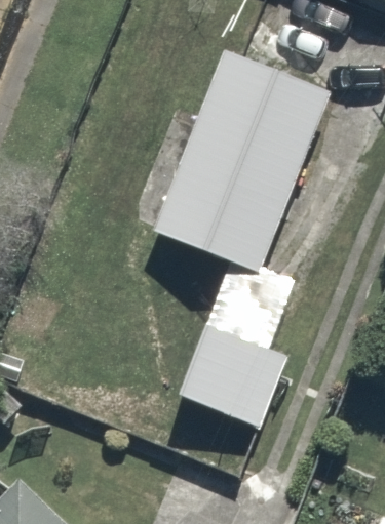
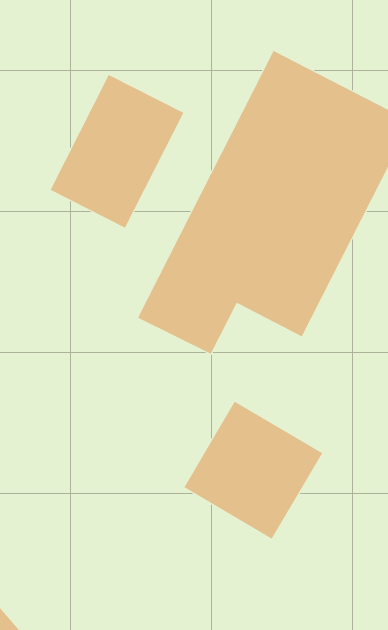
building: none -> [50,74,184,228]

